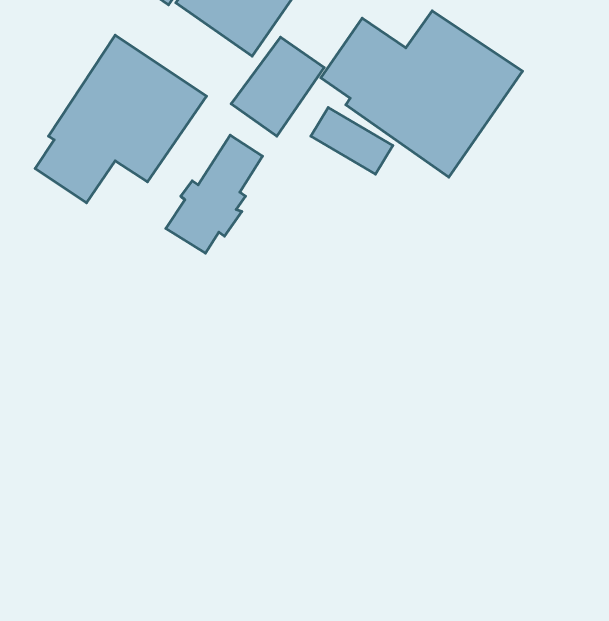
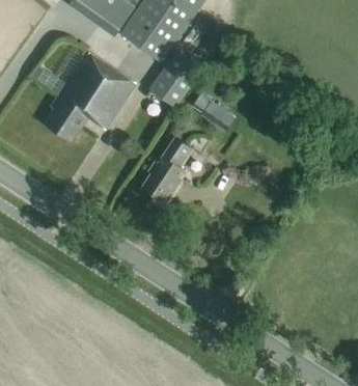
building: [321,11,522,177] -> none
building: [166,135,263,253] -> [140,138,193,202]

